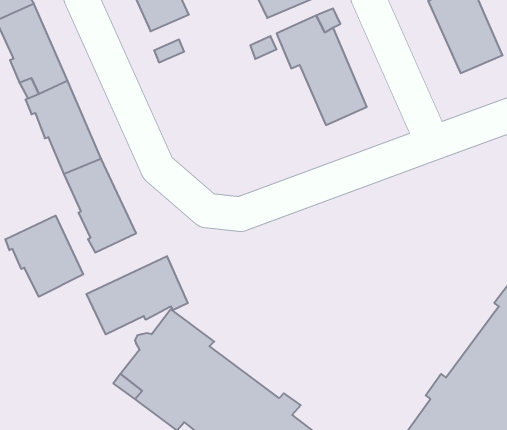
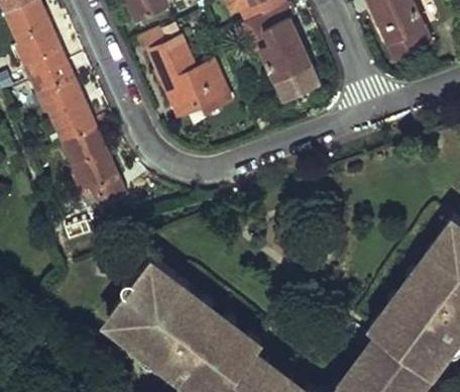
building: none -> [152,44,232,122]
building: [5,216,83,297] -> none
building: [86,256,188,334] -> none

